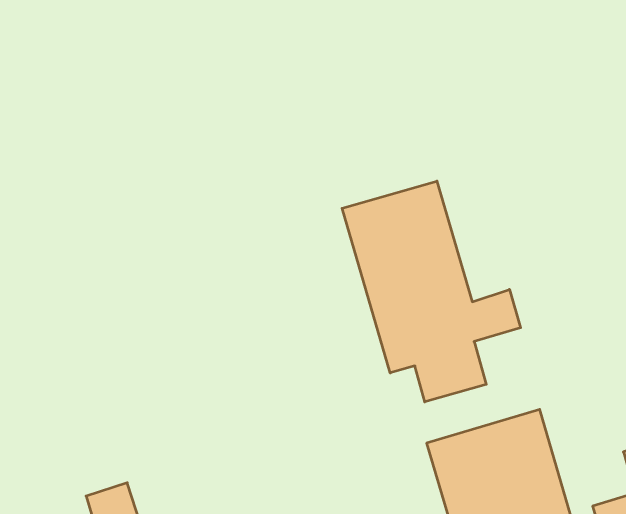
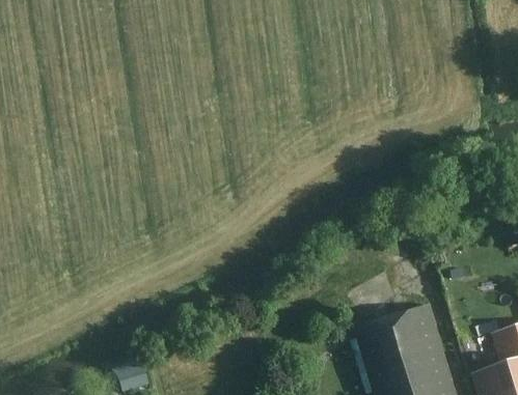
building: [342,181,521,402] -> none

